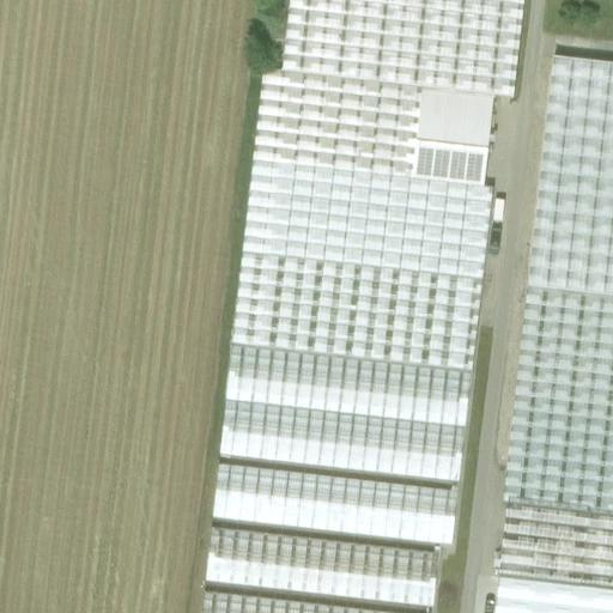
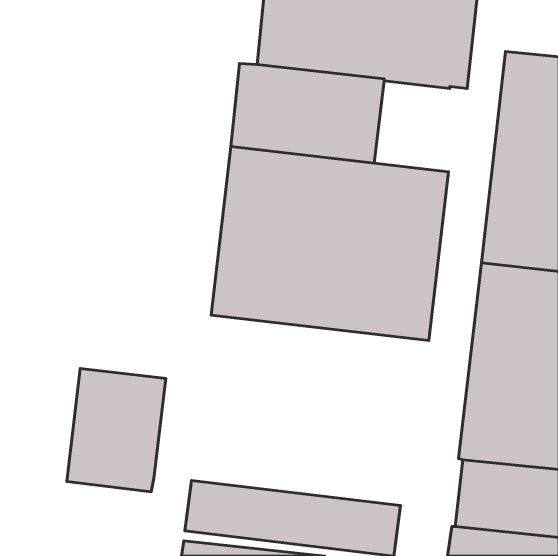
building: [411,89,493,187] -> none
building: [219,345,471,481] -> none
building: none -> [67,369,166,492]
building: [211,462,459,546] -> none

